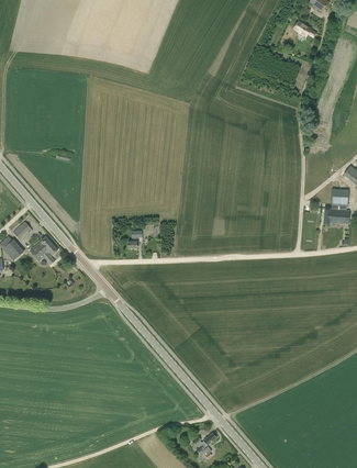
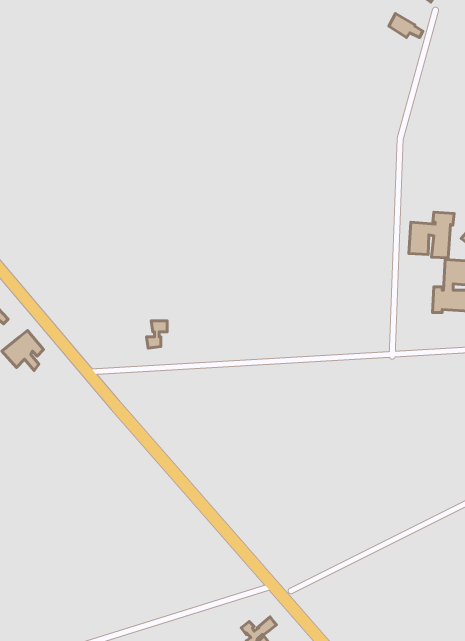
building: none -> [409,212,454,258]

